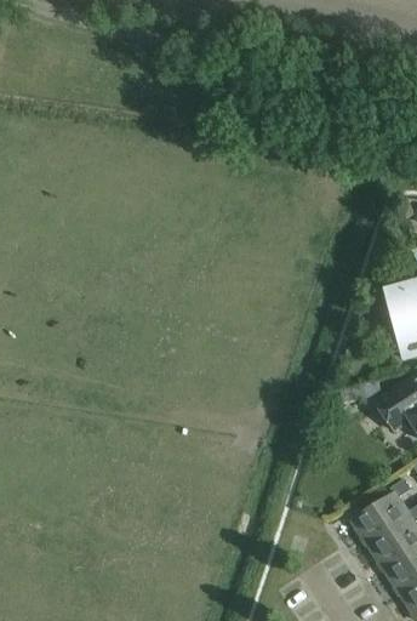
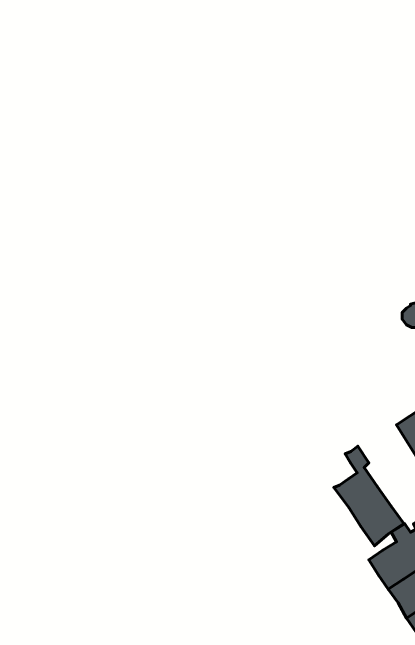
building: none -> [334,446,404,546]

